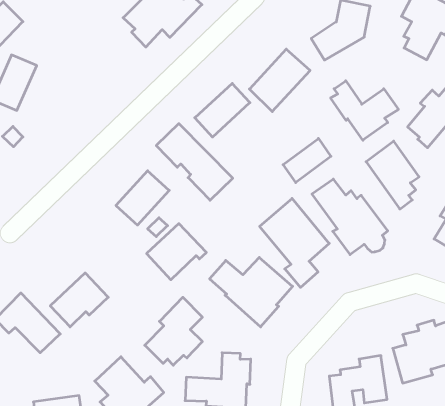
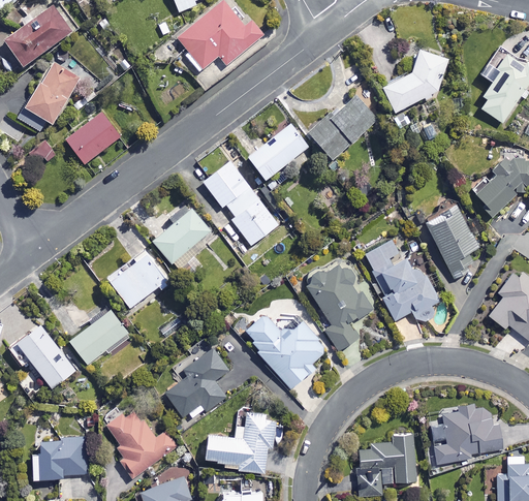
building: [331,81,398,140] -> none
building: none -> [70,115,124,166]
building: [283,138,331,183] -> none
building: [147,224,206,280] -> [106,249,170,308]

